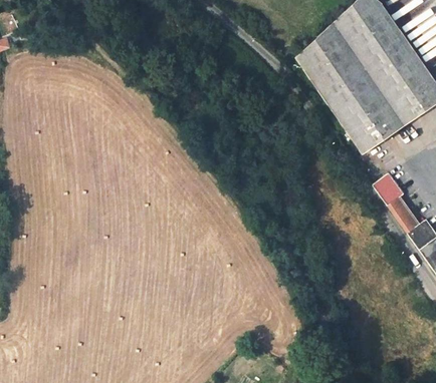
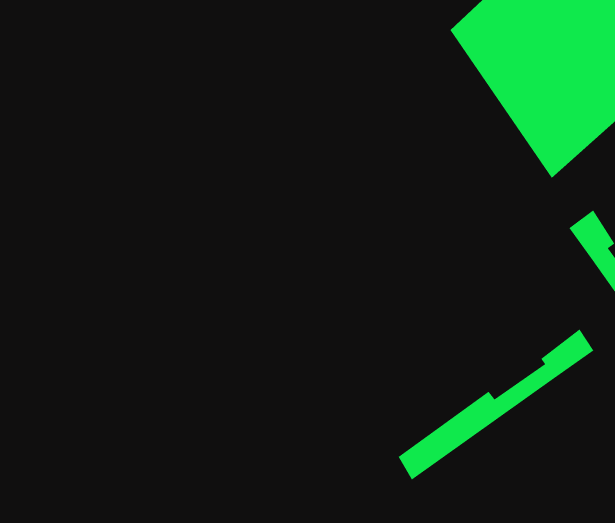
building: none -> [398,328,594,481]

